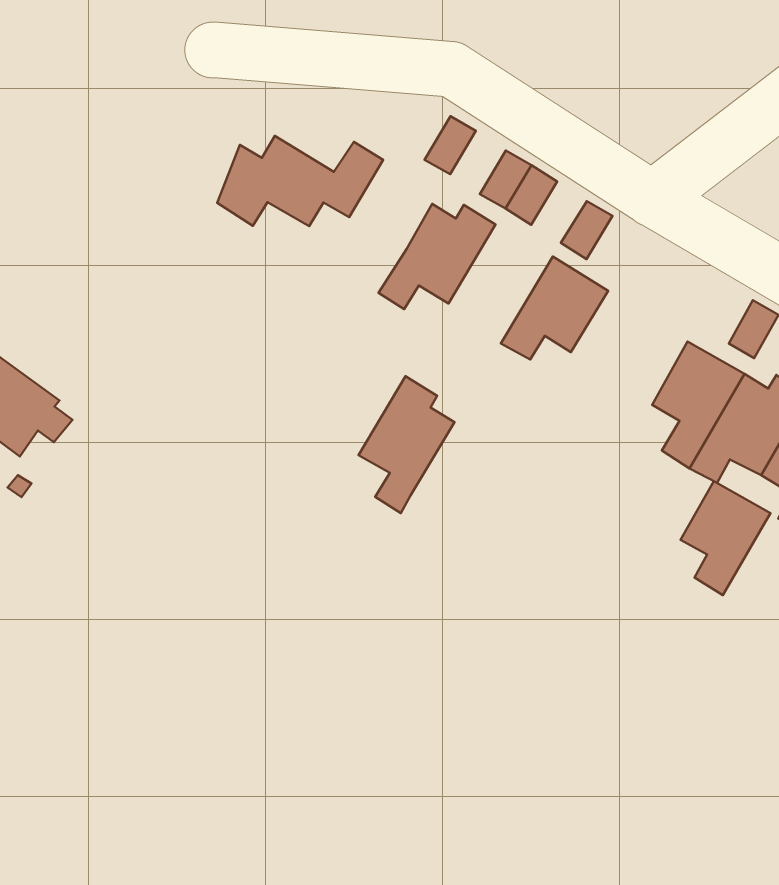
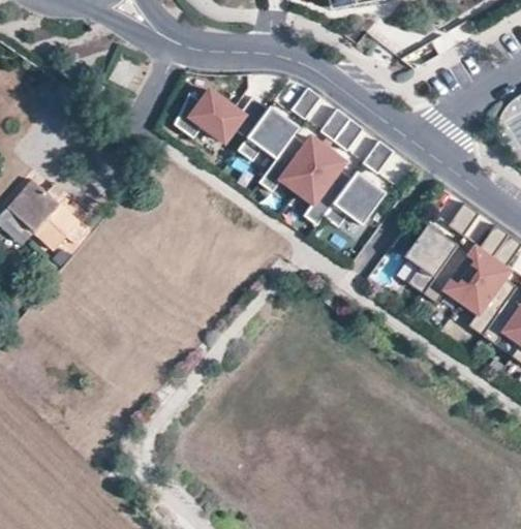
building: none -> [239,104,300,160]
building: [358,376,454,513] -> [298,149,353,224]
building: [681,481,770,595] -> none

